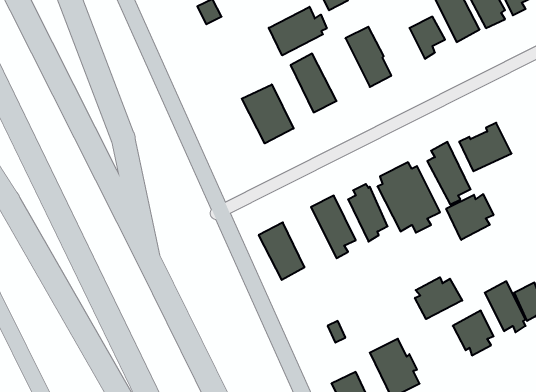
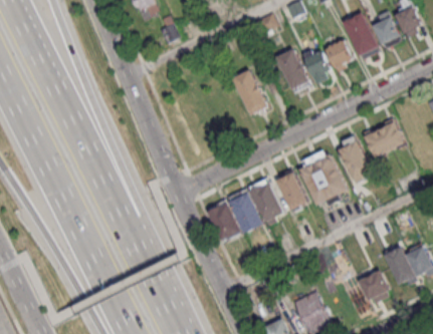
building: [269,7,327,55] -> none
building: none -> [300,46,330,82]
building: [242,84,294,143] -> none
building: [446,194,493,240] -> none
building: none -> [227,188,263,232]
building: [415,277,462,319] -> none

